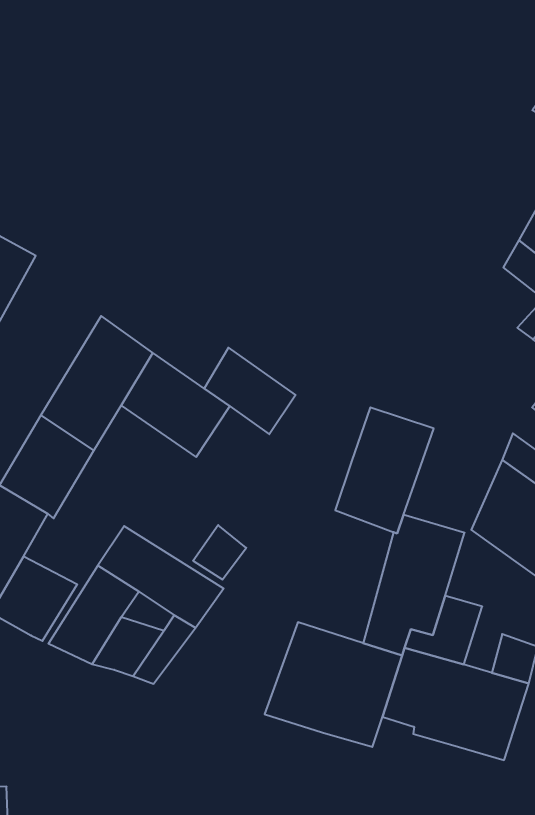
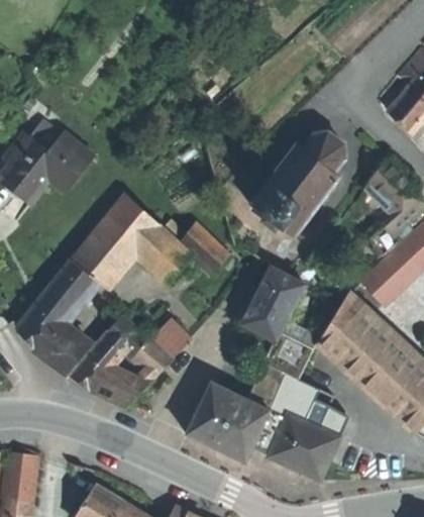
building: none -> [250,131,346,239]

